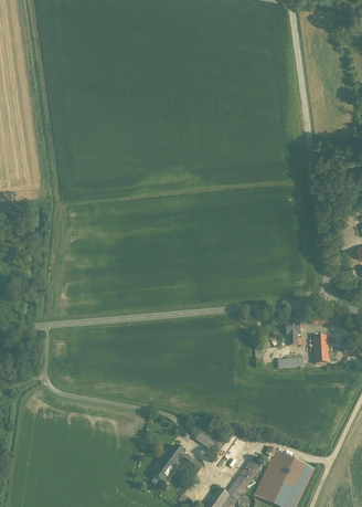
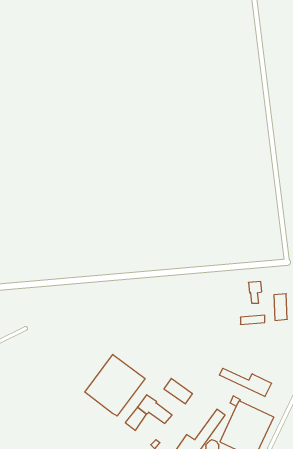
building: none -> [85,354,145,416]
building: none -> [220,368,272,397]

